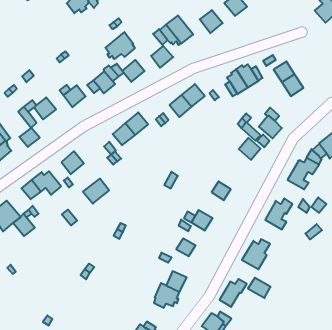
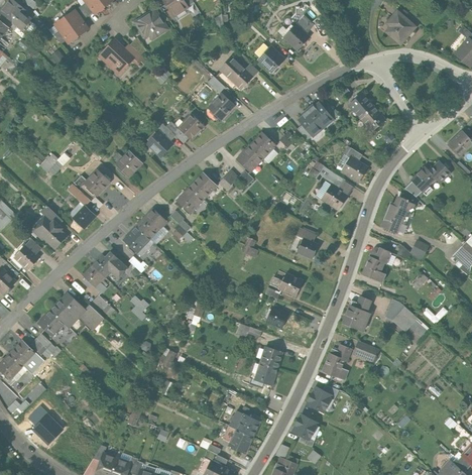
building: [105,32,135,59] -> none
building: [83,179,109,204] -> [136,209,165,238]
building: none -> [385,300,428,336]

